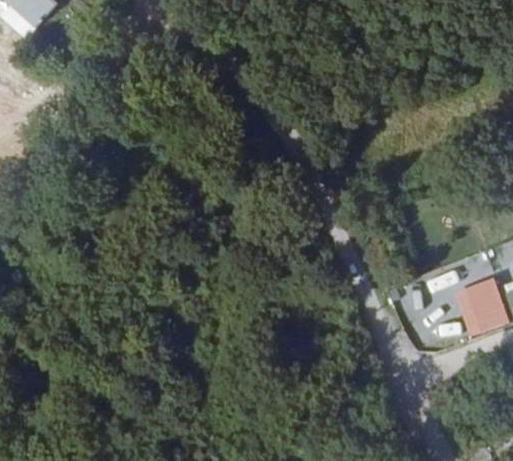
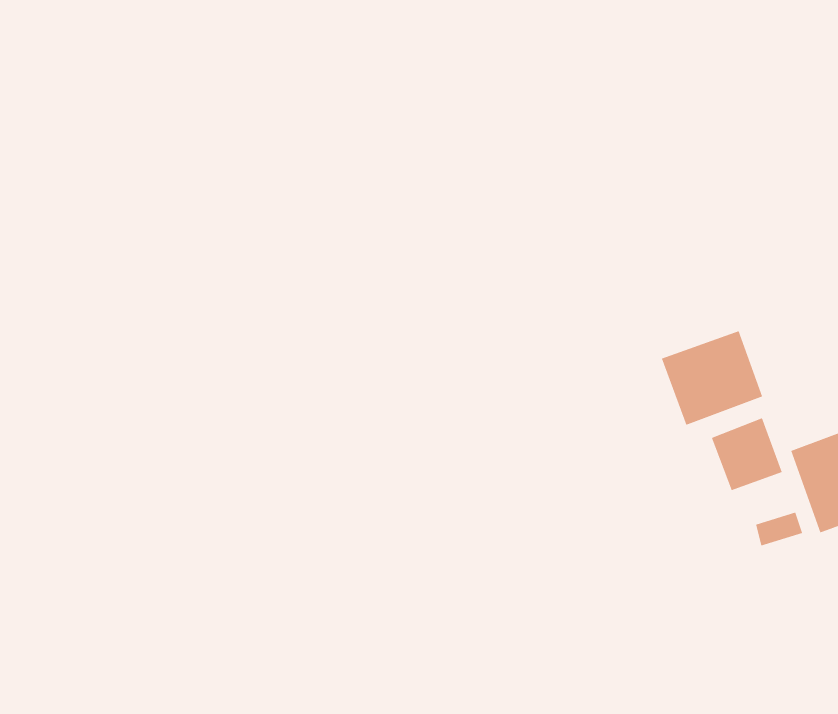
building: none -> [661,330,763,426]

